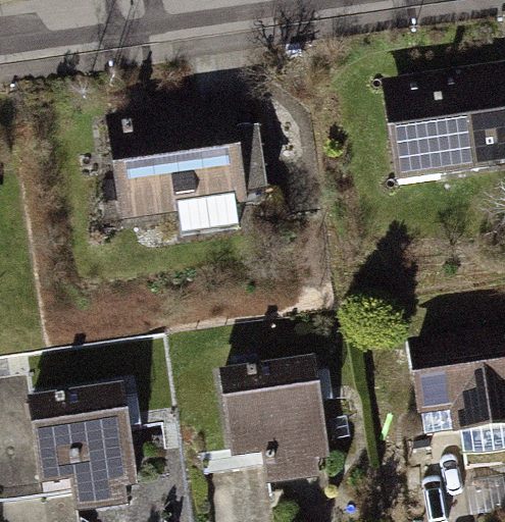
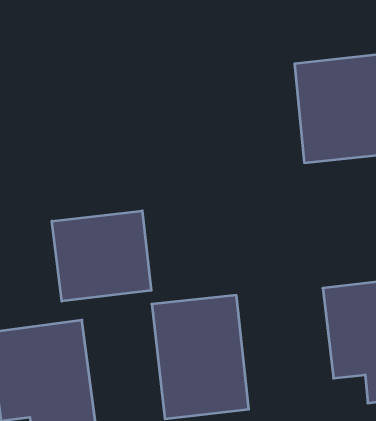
building: [108,118,254,237] -> none
building: none -> [52,211,151,301]

